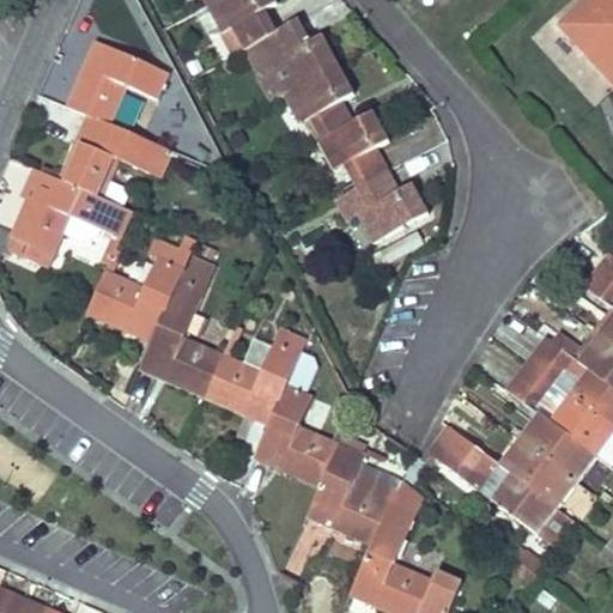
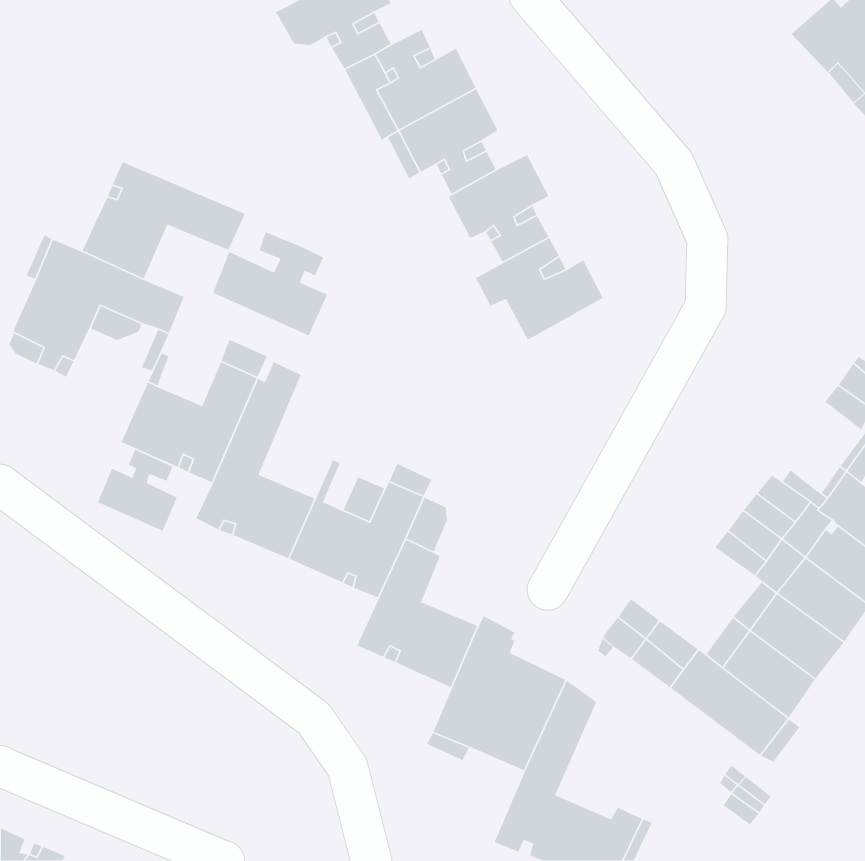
building: [66,40,168,125] -> none
building: none -> [212,231,328,337]
building: none -> [97,449,178,532]

